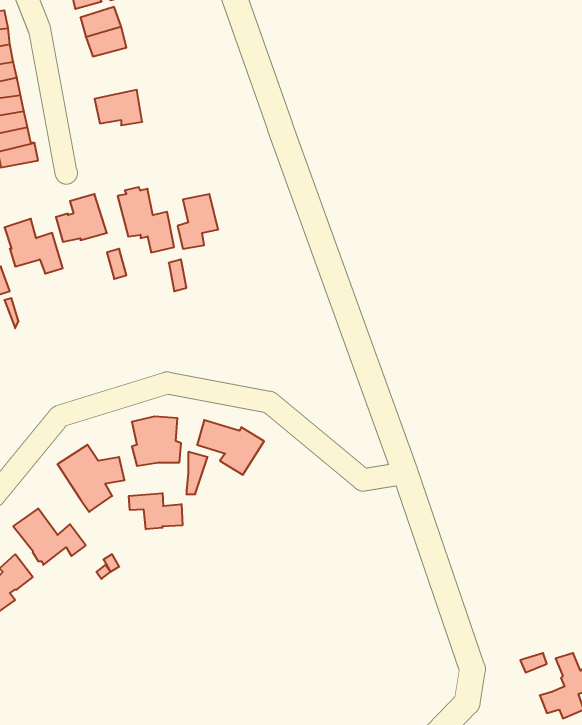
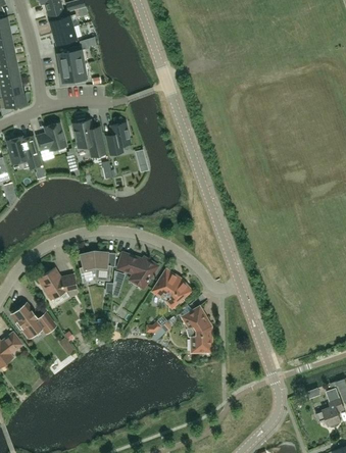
building: none -> [57,39,90,67]
building: none -> [153,269,191,307]
building: [129,493,182,529] -> none
building: none -> [183,306,211,351]

